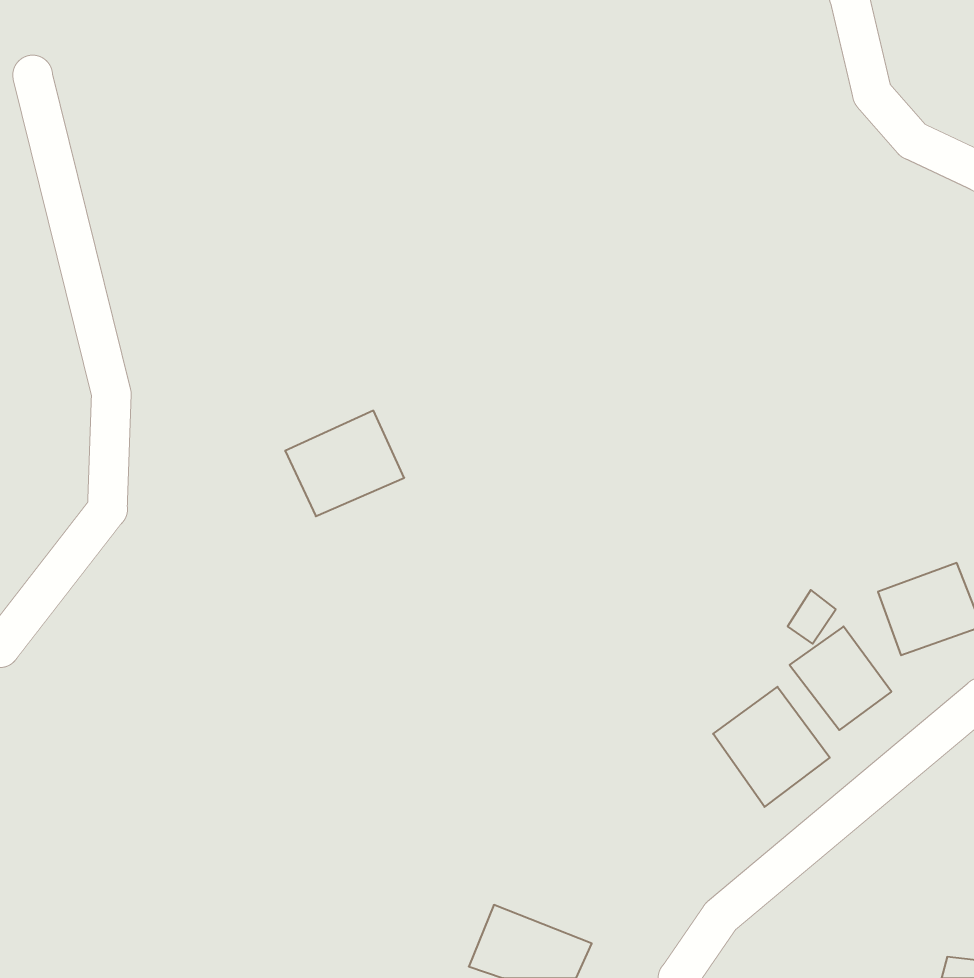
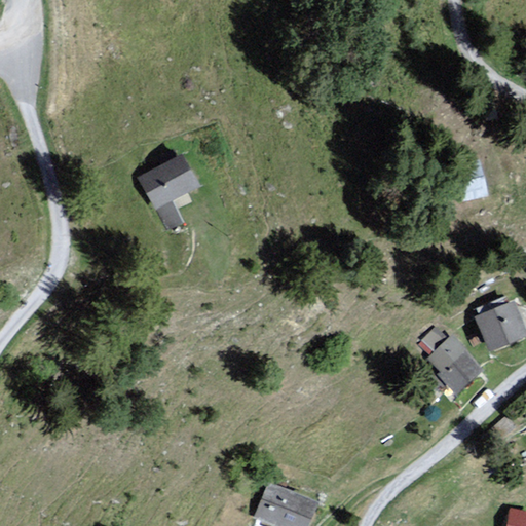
building: [285,411,404,516] -> [135,156,198,213]
building: [713,687,830,807] -> none

